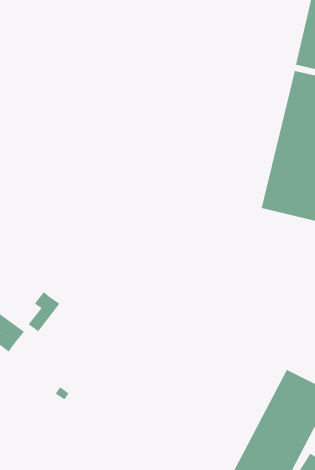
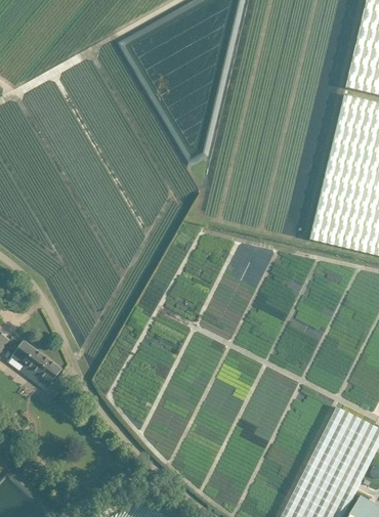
building: [28,291,60,332] -> none

